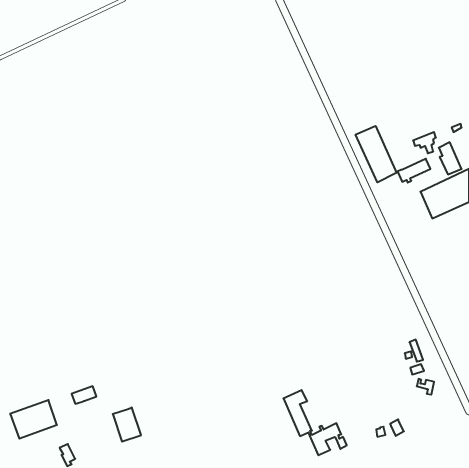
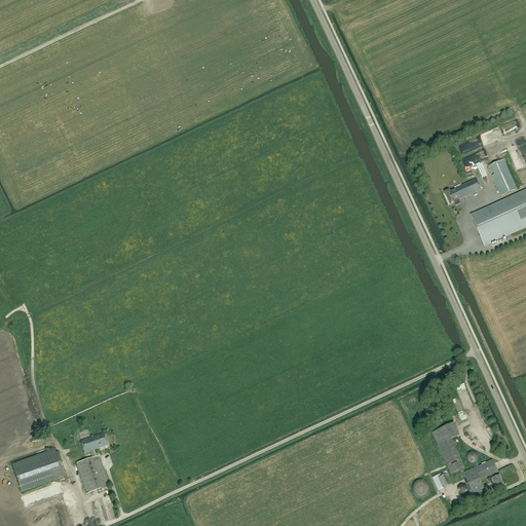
building: [356,126,396,182] -> none
building: [283,390,347,455] -> [433,422,503,495]
building: [113,408,141,442] -> [76,455,108,493]

